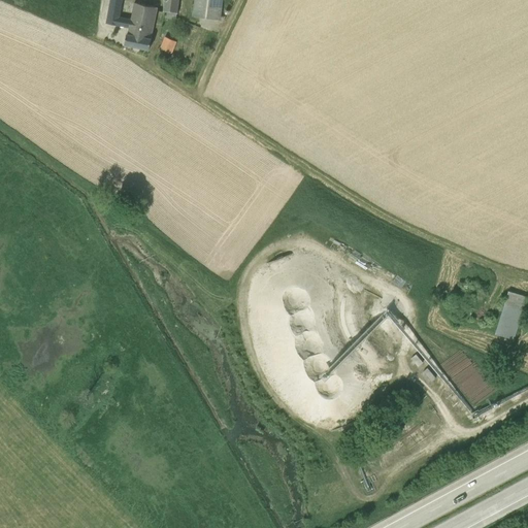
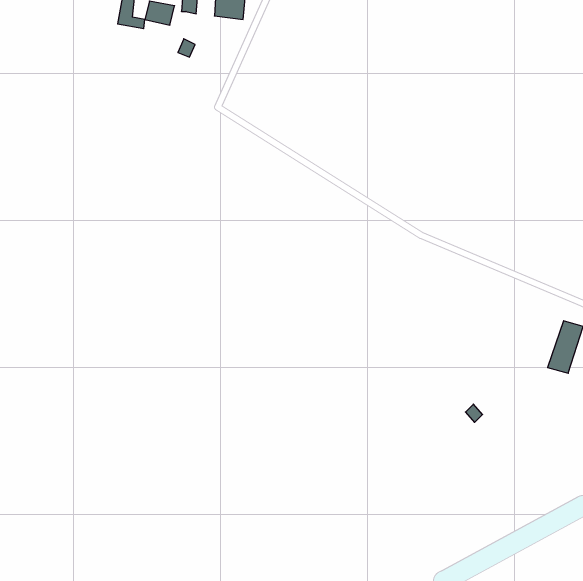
building: [125,18,154,47] -> none

